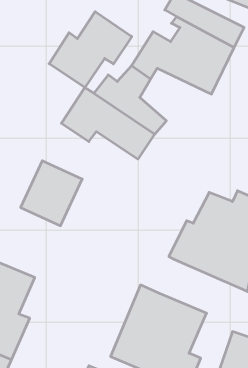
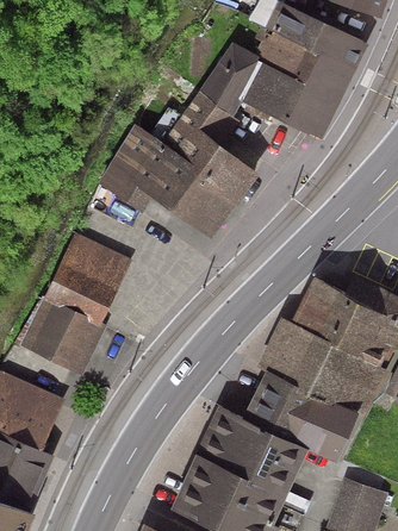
building: [49,12,132,87] -> none
building: none -> [20,299,101,375]
building: none -> [242,373,361,464]

